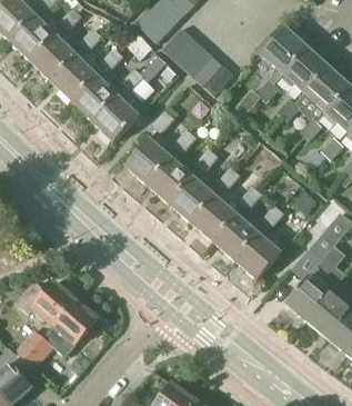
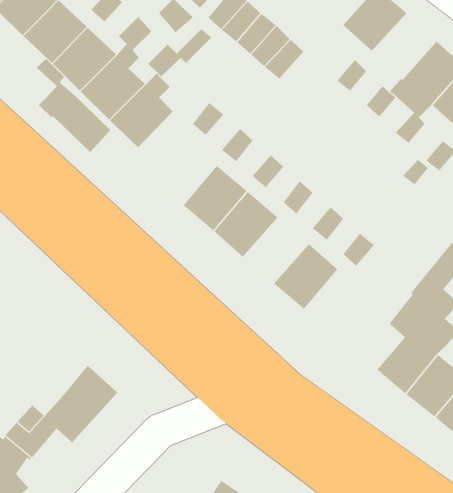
building: [281,44,328,92] -> none
building: none -> [36,58,111,153]
building: [120,135,169,184] -> none
building: [188,192,235,240] -> none
building: [232,230,281,280] -> none
building: [18,280,76,326] -> none

